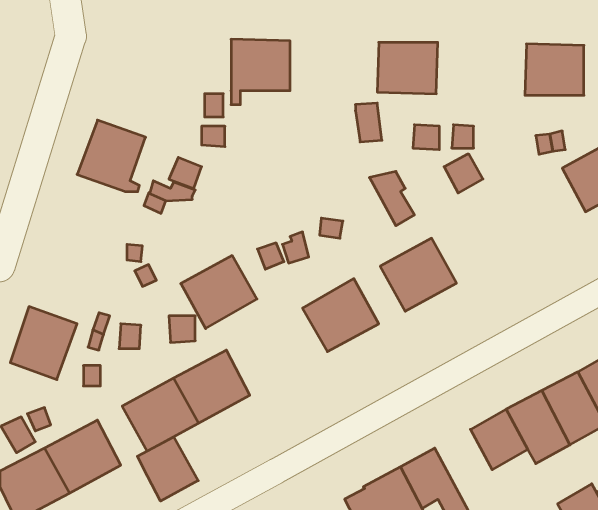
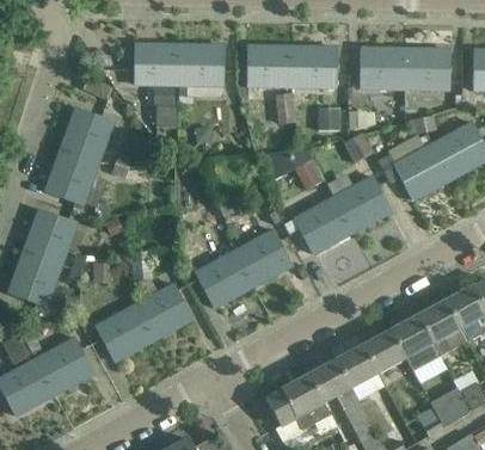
building: none -> [134,43,179,84]
building: none -> [247,45,293,85]
building: none -> [360,48,406,87]
building: none -> [393,143,452,198]
building: none -> [45,148,98,204]
building: none -> [333,175,392,232]
building: none -> [24,208,76,263]
building: [181,256,257,329] -> [195,251,253,307]
building: none -> [336,344,380,389]
building: [137,437,198,501] -> none

